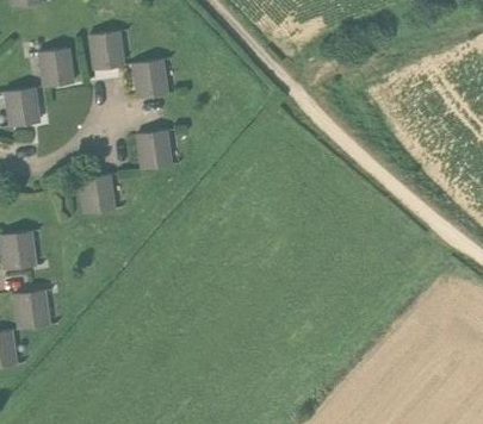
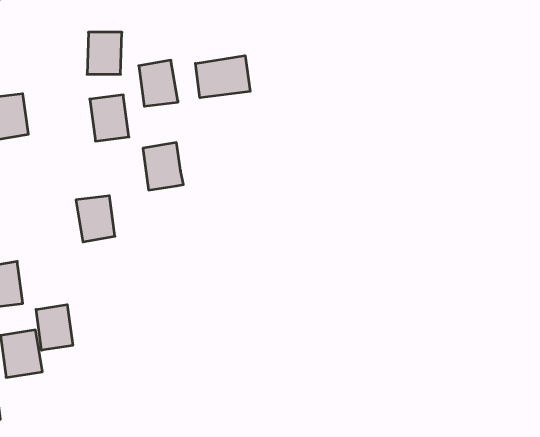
building: [39,48,73,87] -> [90,95,129,141]
building: none -> [195,56,250,98]
building: none -> [36,305,73,350]

